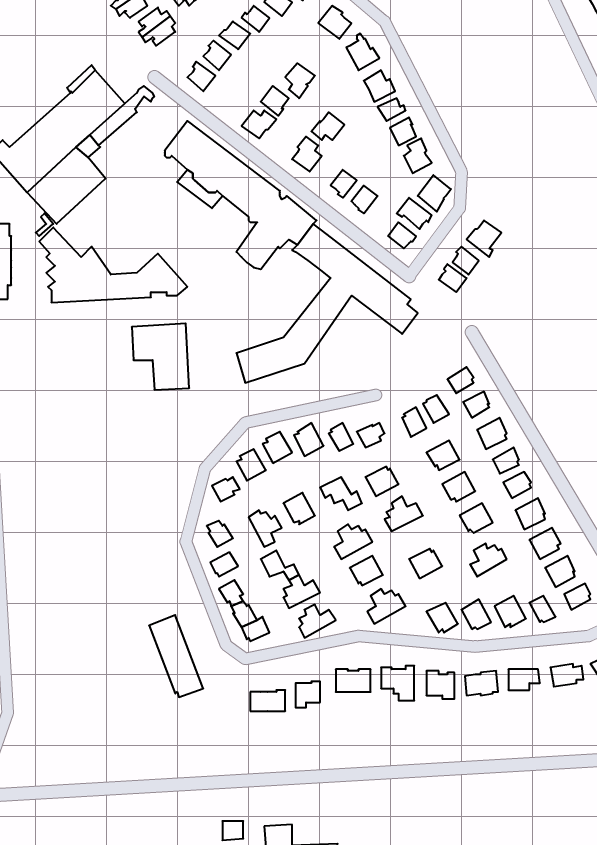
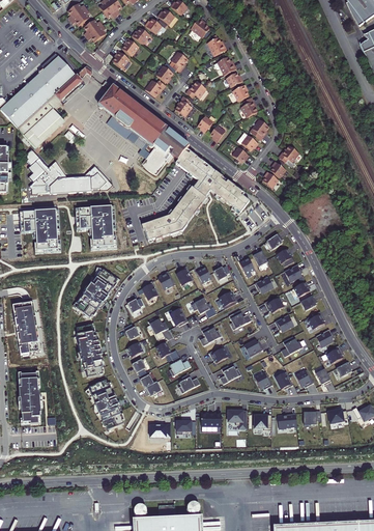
building: none -> [20,209,58,250]
building: none -> [77,269,118,316]
building: none -> [12,302,39,354]
building: none -> [77,324,103,376]
building: none -> [19,371,41,424]

